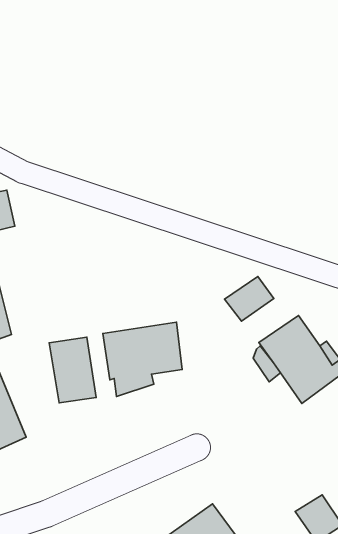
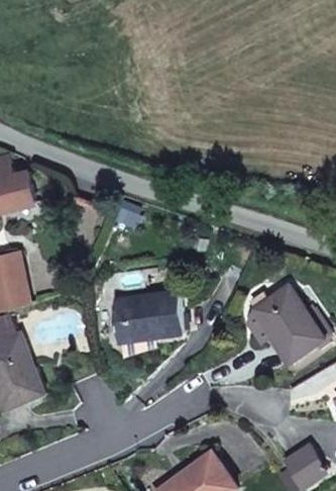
building: [225,277,274,321] -> none
building: [49,337,96,403] -> none

